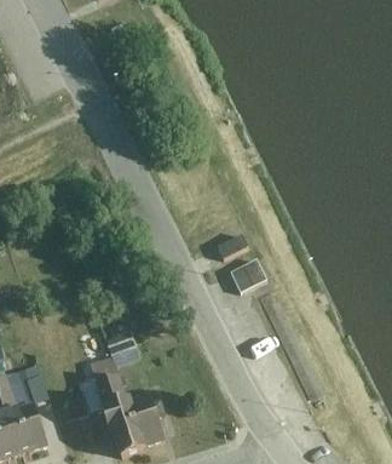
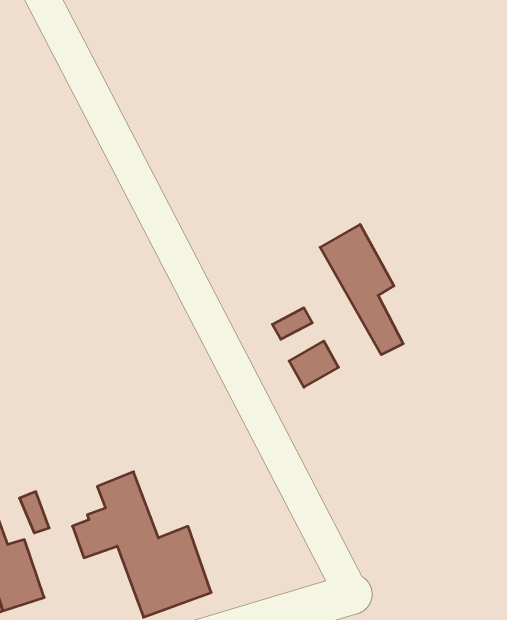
building: none -> [320,224,403,355]

